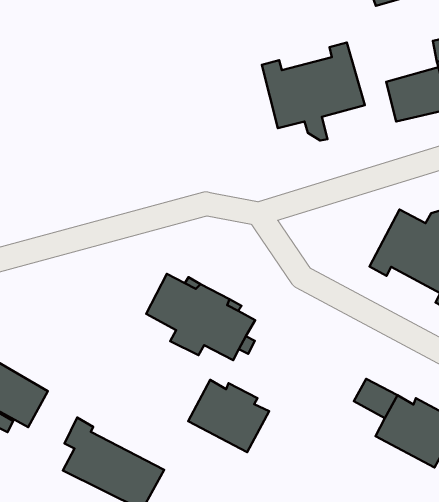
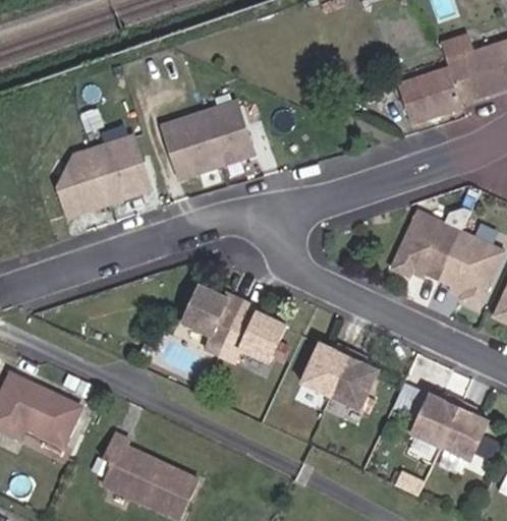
building: [262,42,365,141] -> none
building: none -> [170,102,259,177]
building: none -> [53,130,155,216]
building: [188,380,269,452] -> [297,341,377,410]

